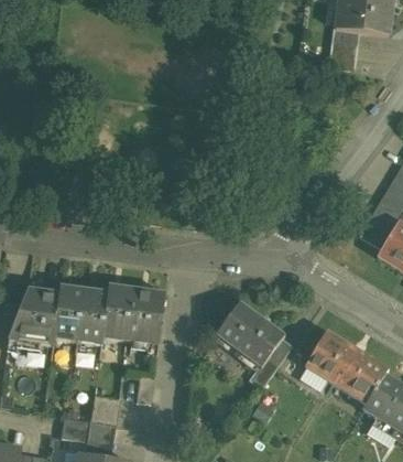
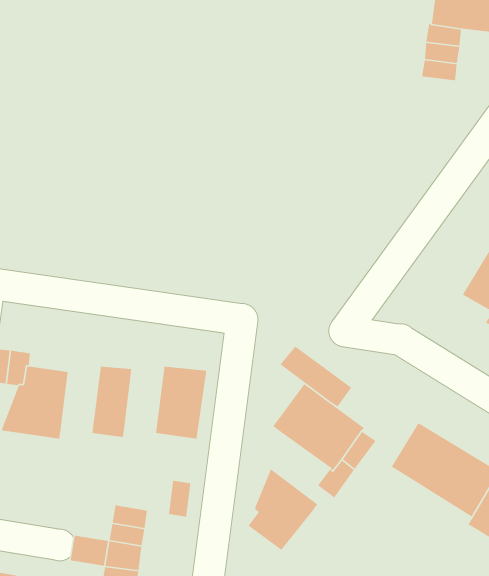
building: none -> [280,345,352,408]
building: [54,286,84,341] -> none
building: [102,286,132,341] -> none
building: none -> [248,468,318,551]

